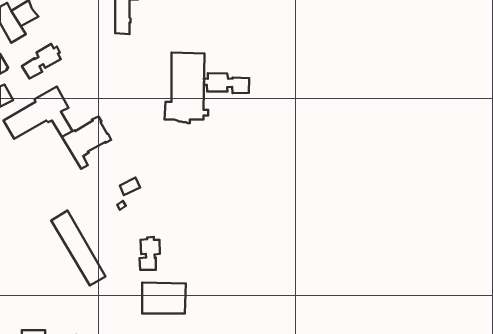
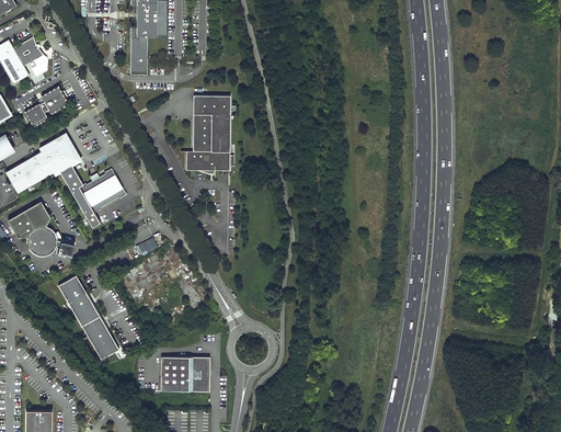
building: [204,73,249,93] -> none
building: none -> [9,201,76,255]
building: [139,237,160,270] -> none

